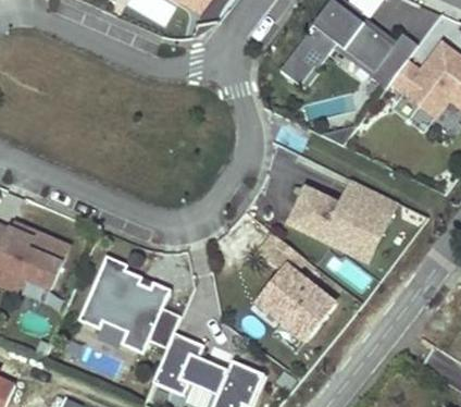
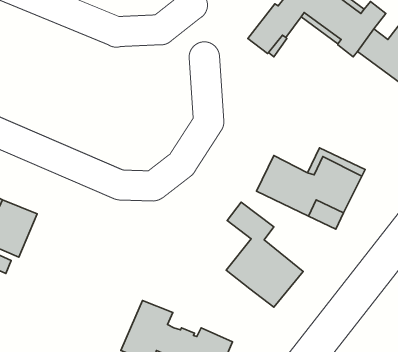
building: [79,255,182,353] -> none

